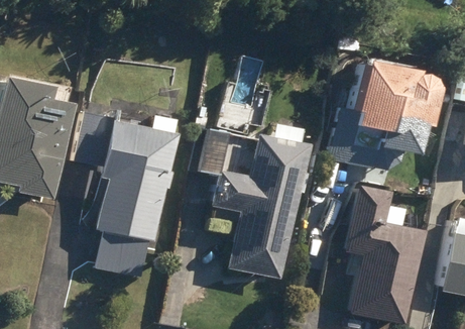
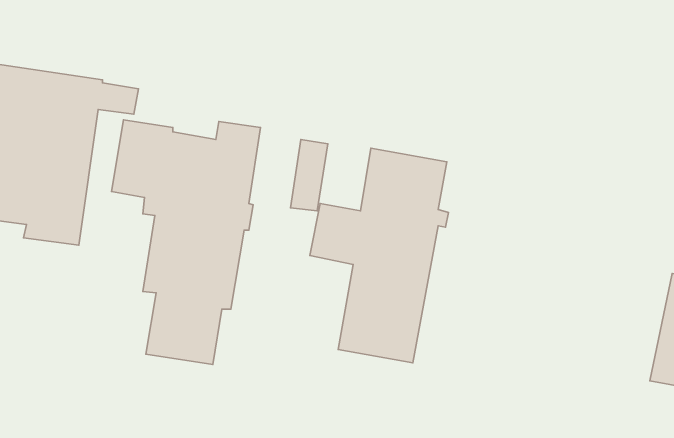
building: [332,56,429,171] -> none
building: [346,184,425,324] -> none

